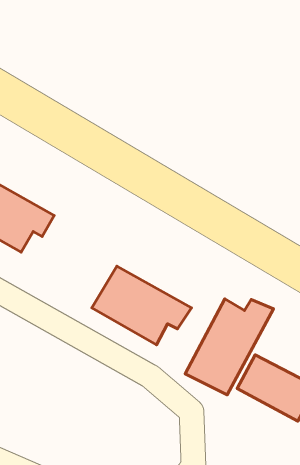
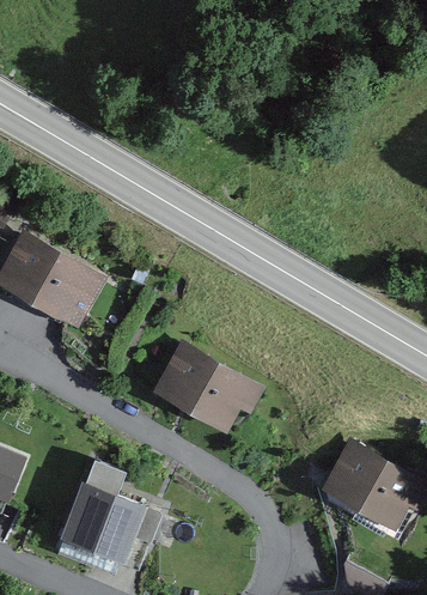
building: [185,299,273,395] -> none
building: none -> [62,478,163,566]

